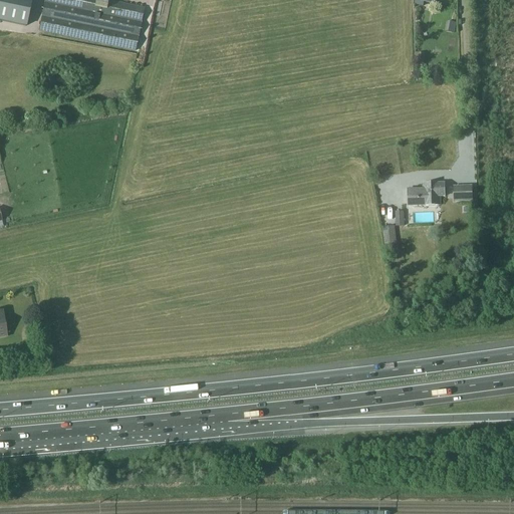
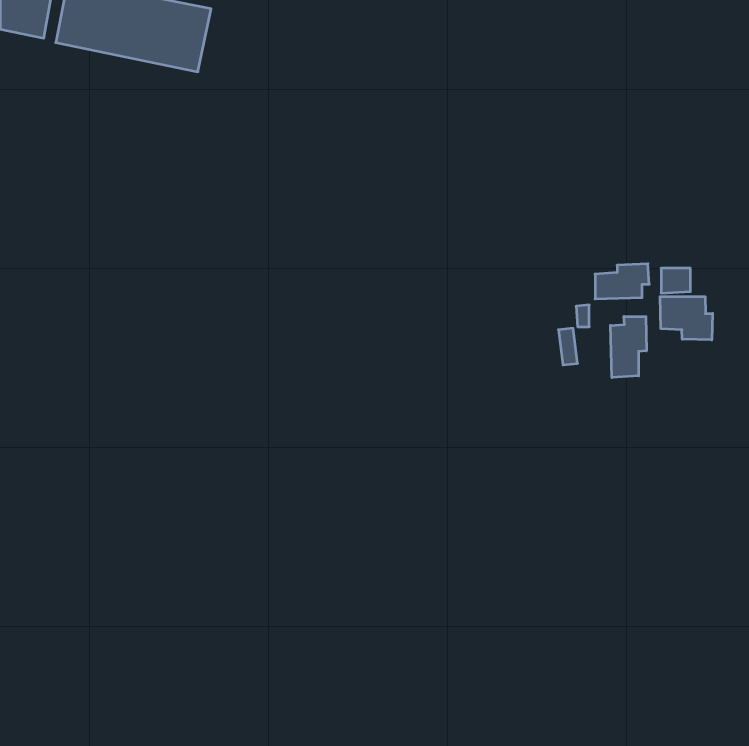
building: none -> [660,297,713,340]
building: none -> [610,316,646,378]

